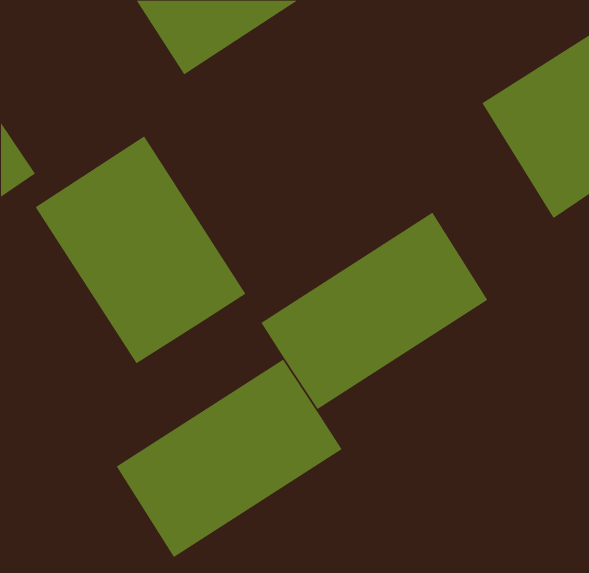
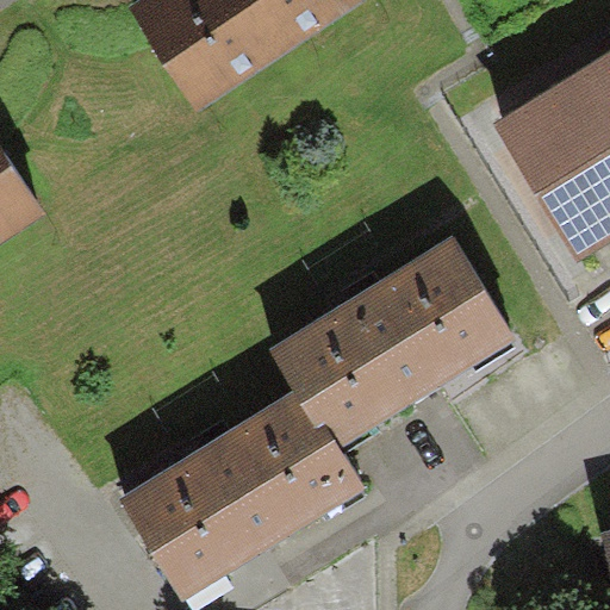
building: [35,135,246,364] -> none

